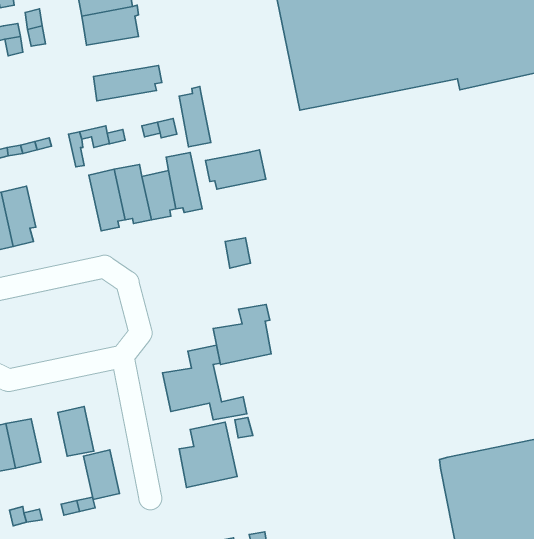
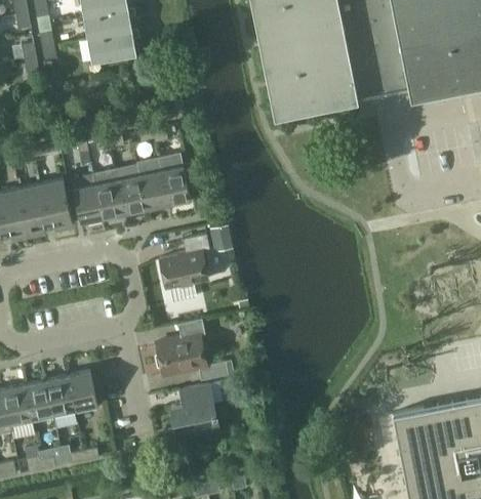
building: [93,66,162,101] -> none
building: [179,86,211,147] -> none
building: [206,150,266,189] -> none
building: none -> [72,173,105,223]
building: none -> [41,178,74,227]
building: [213,304,271,365] -> [160,237,209,288]
building: [83,450,120,499] -> [45,375,76,417]

